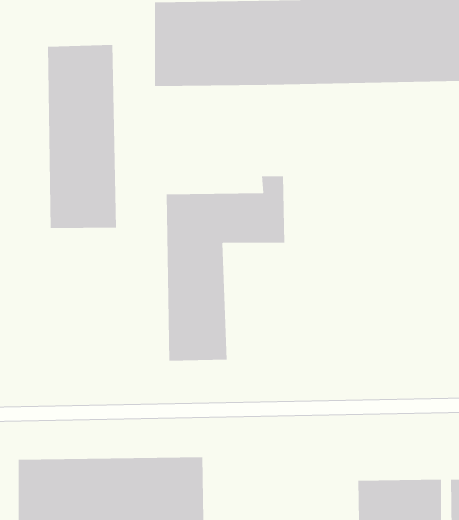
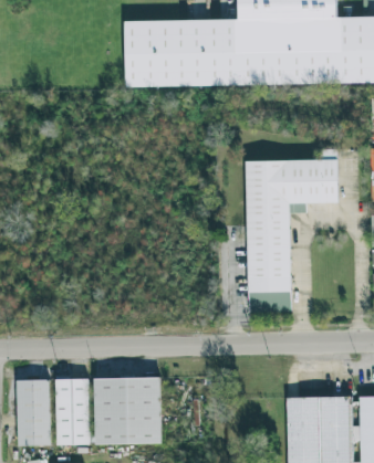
building: [48,44,117,229] -> none
building: [166,176,285,361] -> [245,147,339,293]

